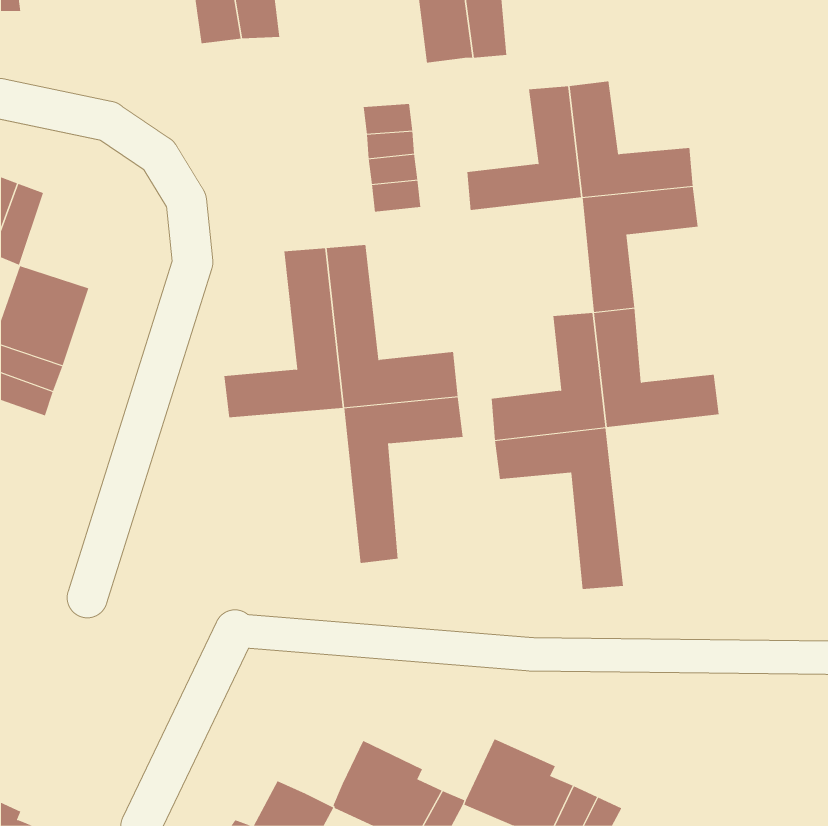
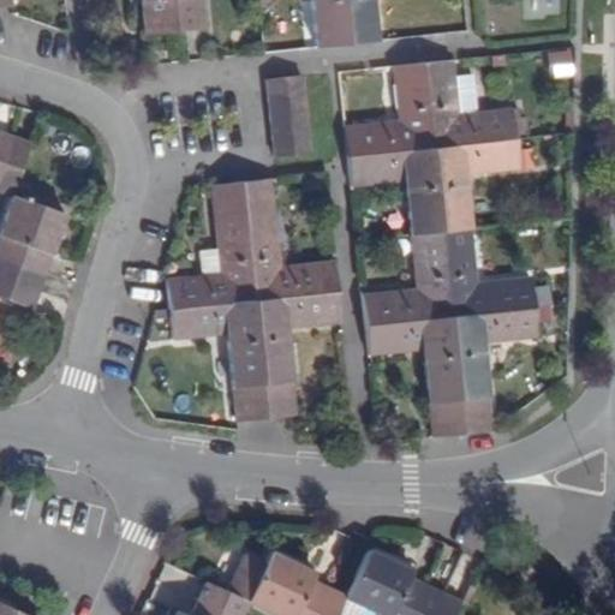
building: none -> [348,147,440,234]
building: none -> [169,303,267,422]
building: none -> [449,308,537,435]

